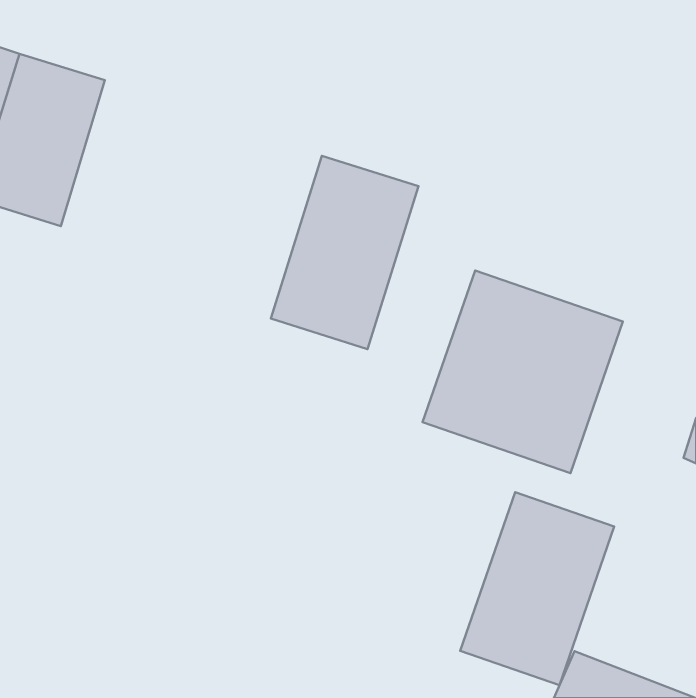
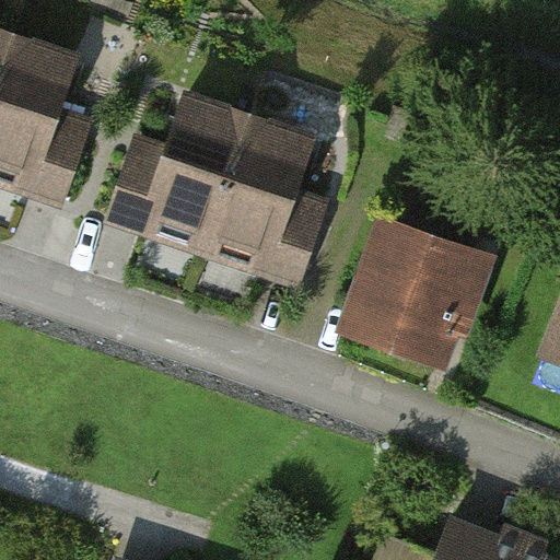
building: none -> [140,101,255,253]
building: [460,492,614,685] -> none

